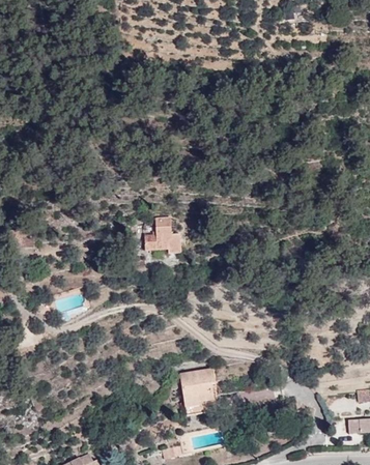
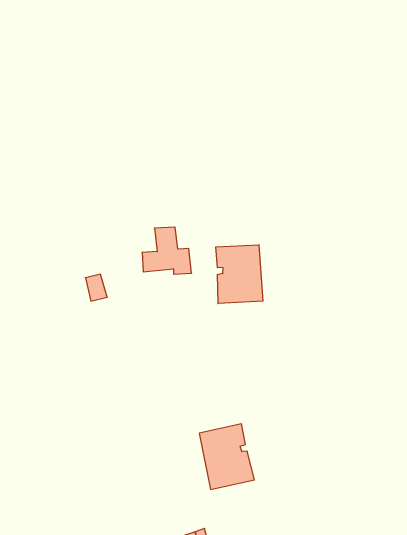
building: none -> [216,245,263,304]

